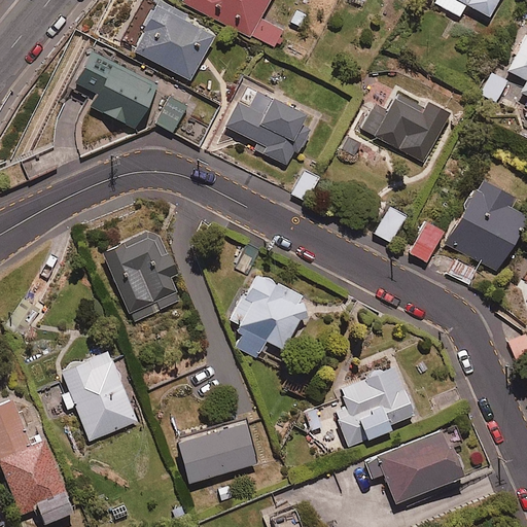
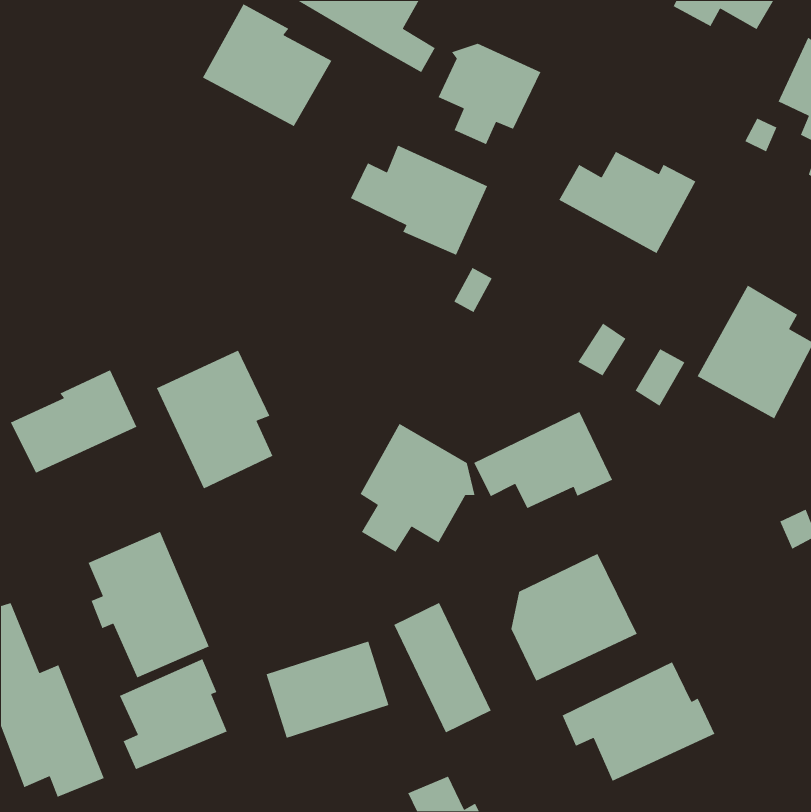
building: none -> [437,43,541,145]
building: [77,54,190,136] -> none
building: none -> [10,369,138,474]
building: none -> [473,411,613,509]
building: none -> [393,602,492,734]
building: none -> [119,658,228,770]

